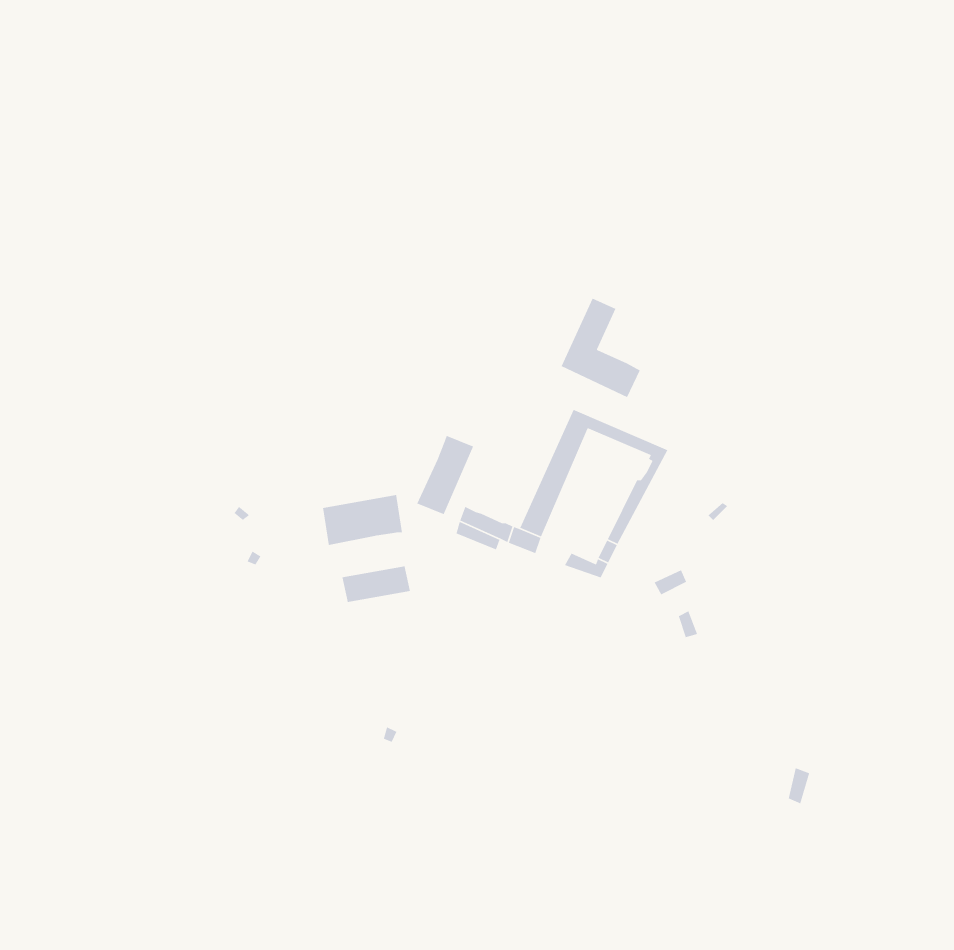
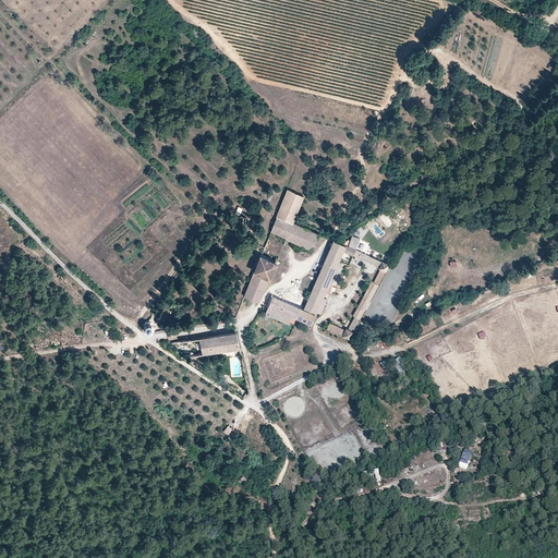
building: [560,297,641,398] -> [270,191,317,250]
building: [322,494,403,546] -> none

